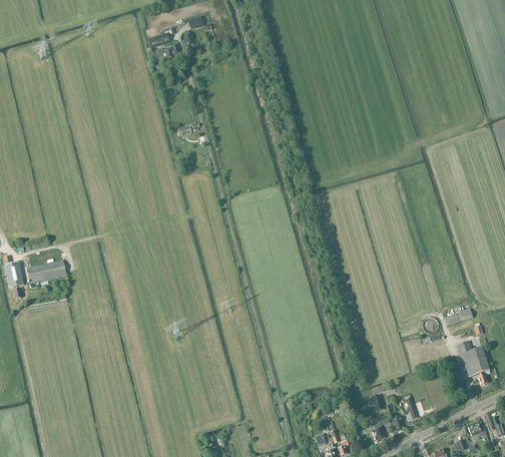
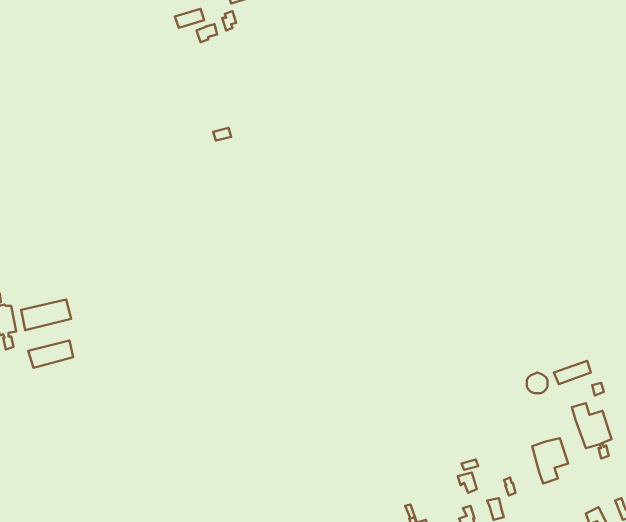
building: none -> [28,340,73,368]
building: none -> [532,438,568,484]

